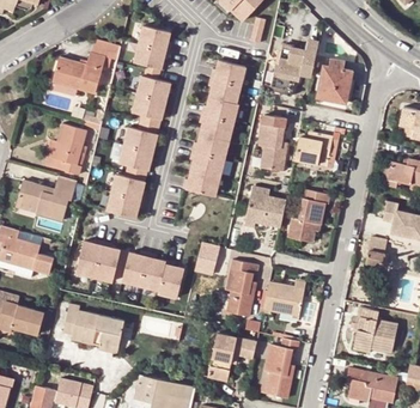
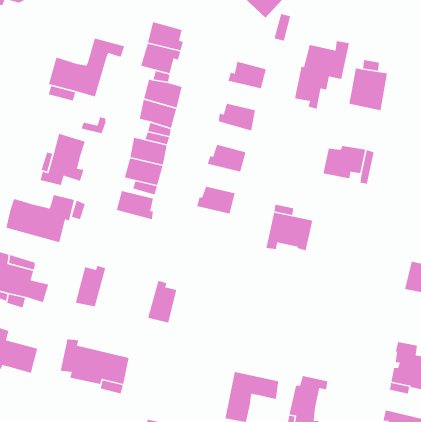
building: [207,78,239,103] -> none
building: [199,114,231,140] -> none
building: [257,115,285,170] -> none
building: [189,151,221,176] -> none
building: [287,189,328,242] -> none
building: [106,191,144,218] -> none
building: [194,239,219,273] -> none
building: [93,242,121,281] -> none
building: [121,251,148,286] -> none
building: [224,258,257,315] -> none
building: [157,260,184,298] -> none
building: [262,281,304,316] -> none

